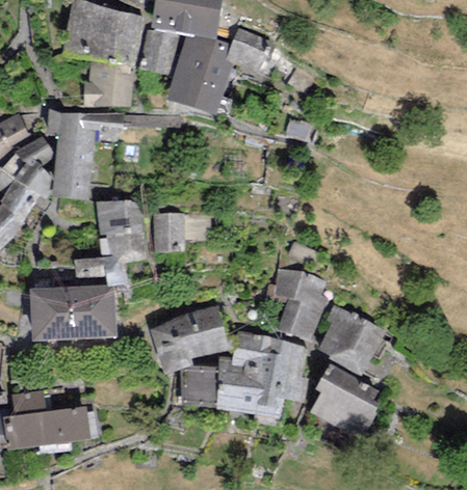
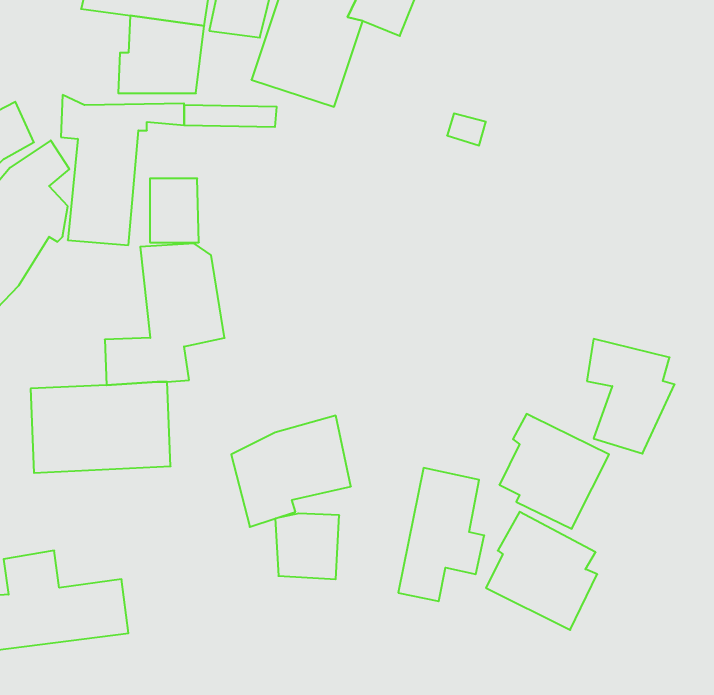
building: [154,212,184,251] -> [150,178,199,242]
building: [275,268,329,338] -> [587,339,675,454]
building: [216,330,271,414] -> none

